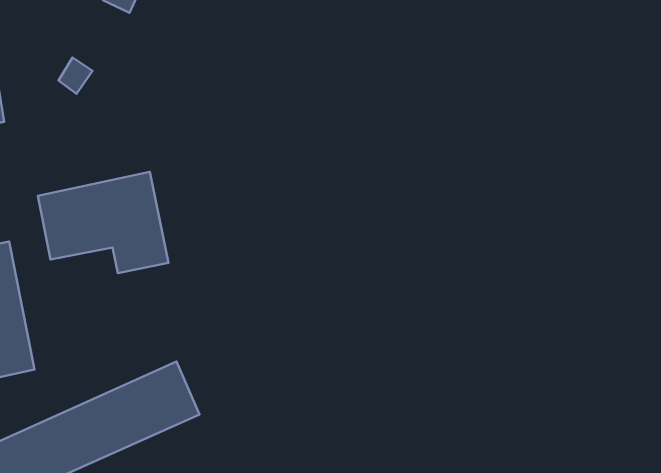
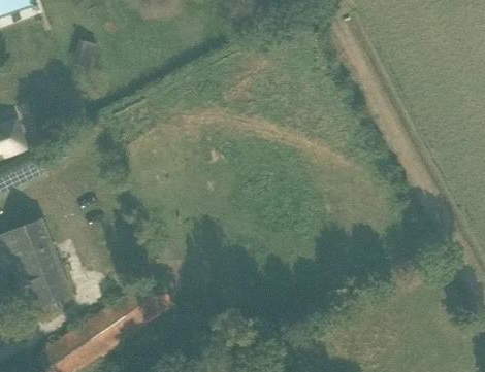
building: [38,172,169,273] -> none

